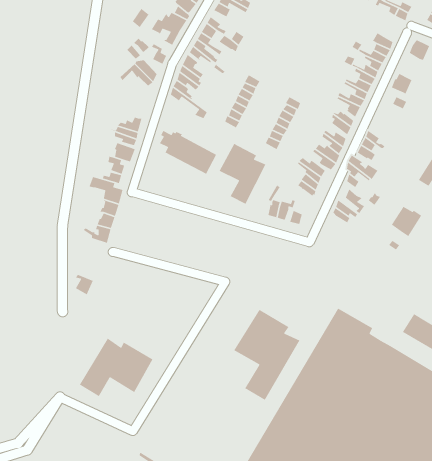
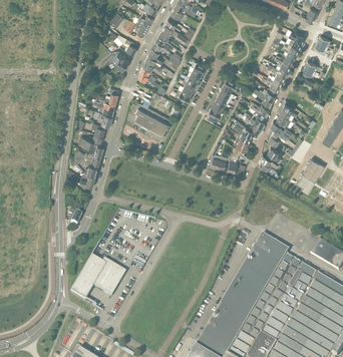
building: [219,143,266,205] -> none
building: [233,309,300,401] -> none

